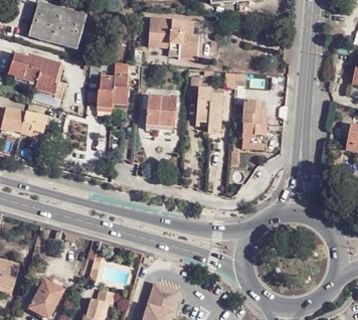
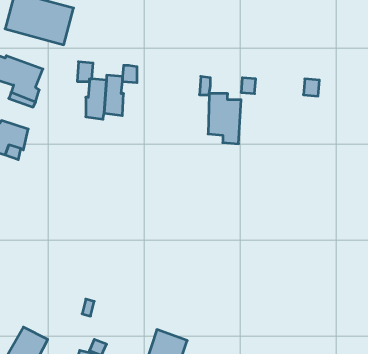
building: [148,19,200,60] -> none
building: [146,94,176,127] -> none
building: [240,98,267,144] -> none

